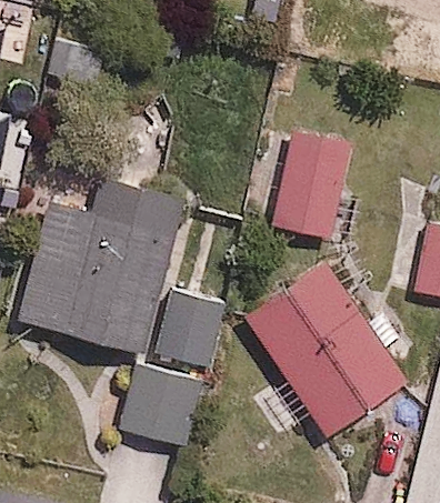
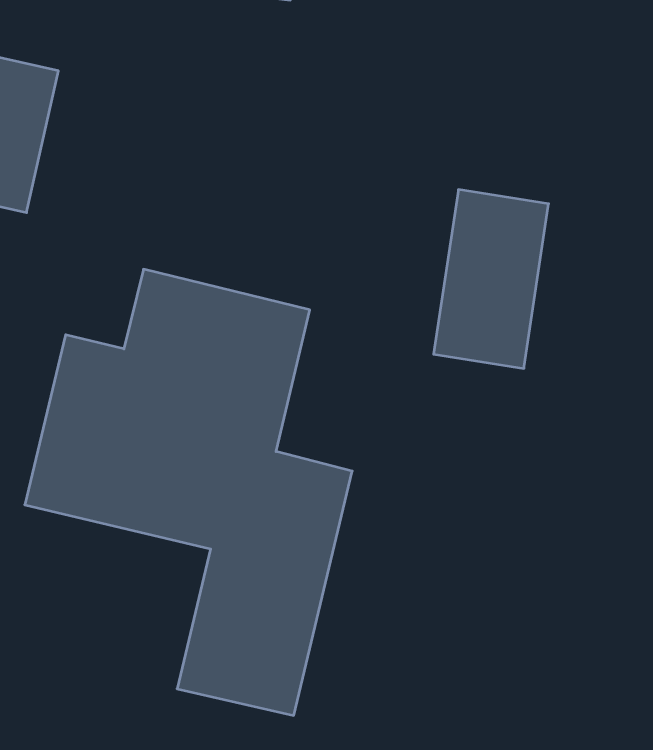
building: [239,260,404,433] -> none

